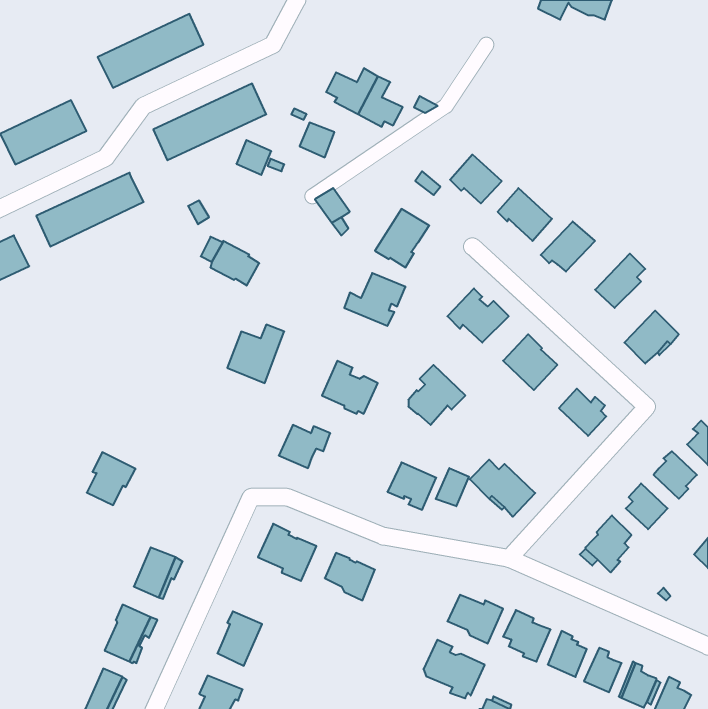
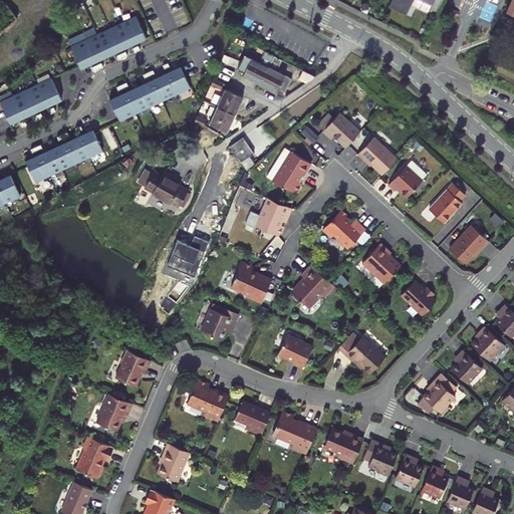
building: [236,140,271,175] -> [209,107,234,133]
building: [87,452,136,505] -> [115,350,151,389]
building: [436,468,469,506] -> none
building: [423,640,485,698] -> [272,412,316,454]

